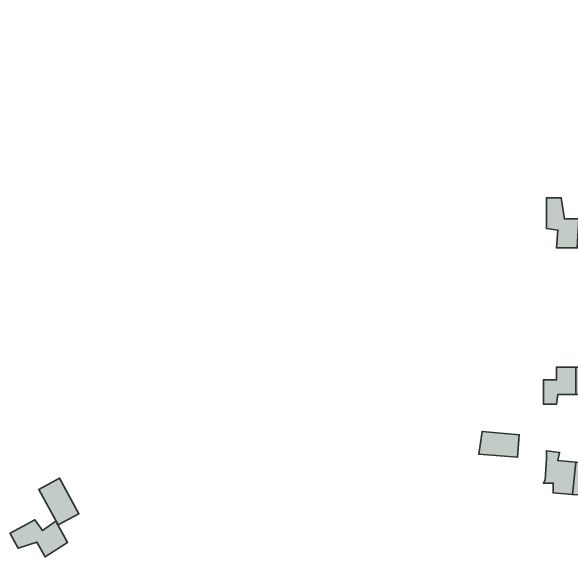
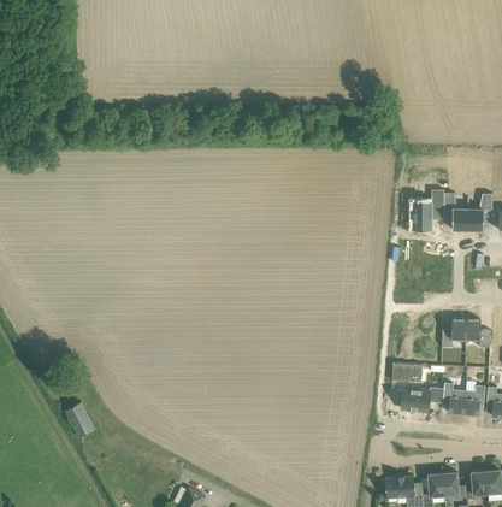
building: none -> [412,189,443,229]
building: none -> [400,387,443,412]
building: [10,520,68,557] -> none

